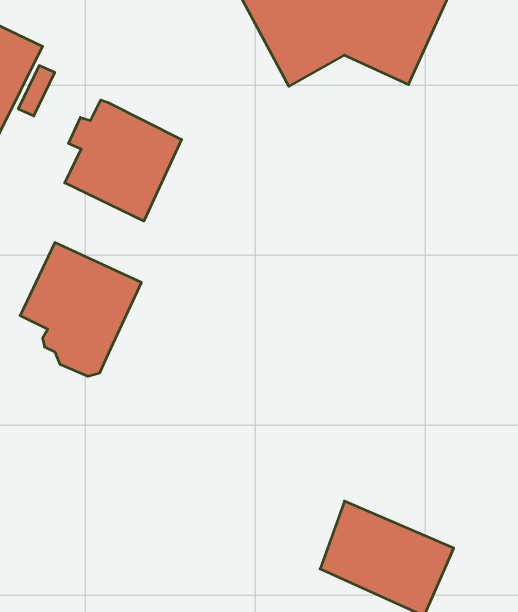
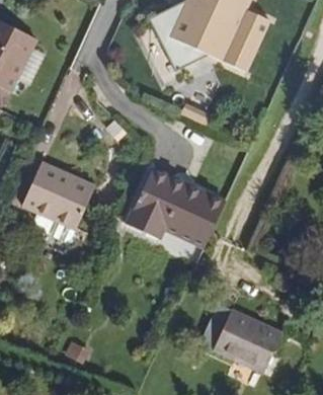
building: [65,100,182,221] -> none
building: none -> [132,161,229,238]

